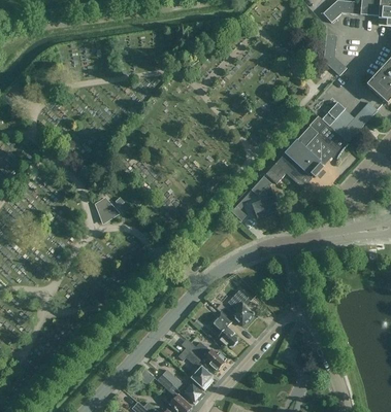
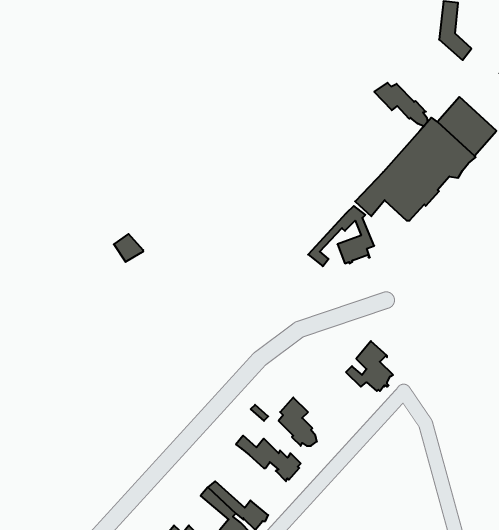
building: none -> [374,83,427,127]
building: [221,288,254,323] -> [346,341,393,391]
building: [177,346,213,388] -> none

